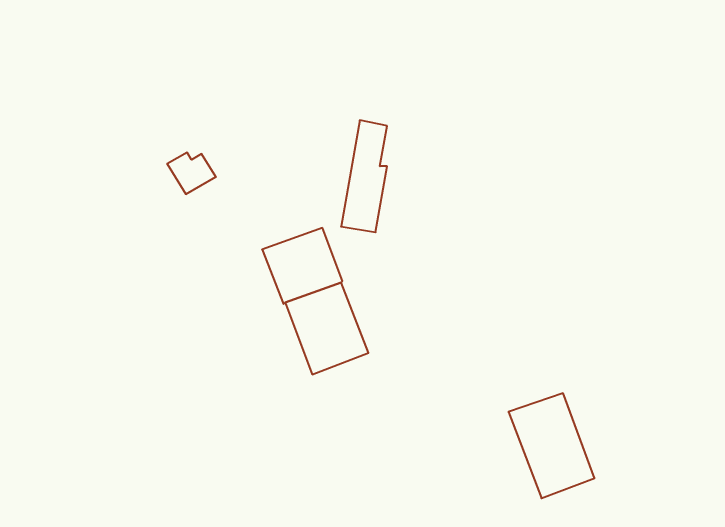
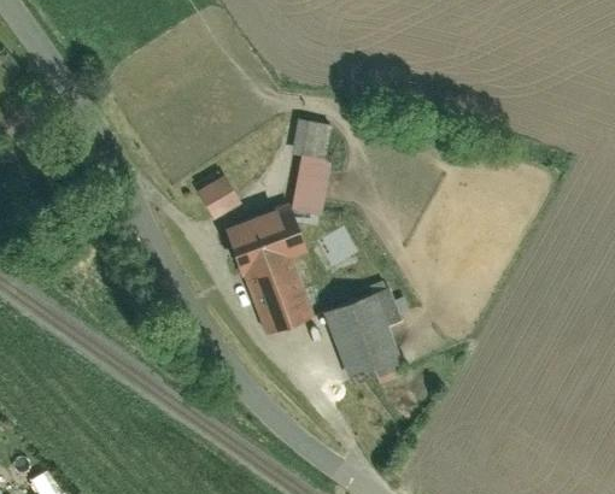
building: [167,153,216,194] -> [199,182,240,217]
building: [508,393,595,498] -> [327,294,399,382]

